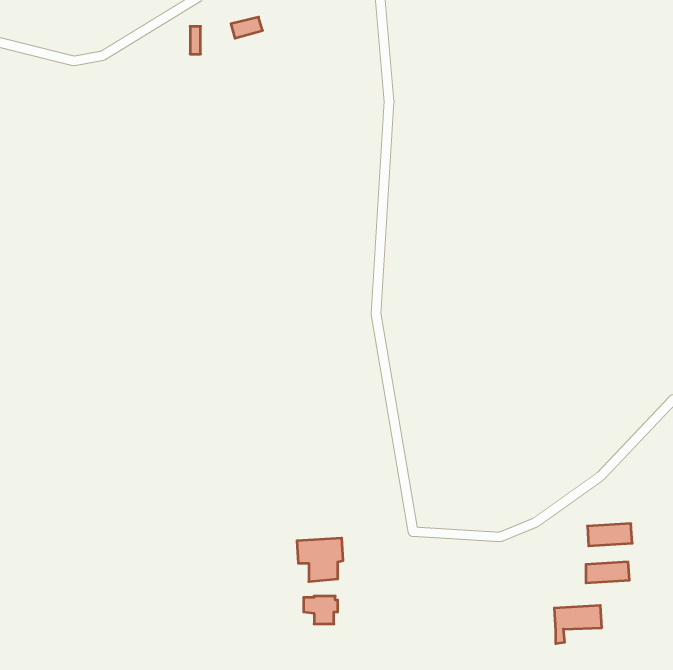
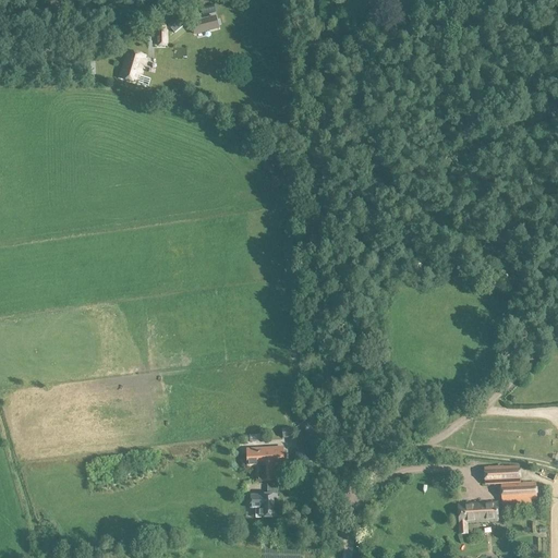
building: none -> [120,50,145,81]
building: [587,524,632,546] -> [499,481,536,499]

